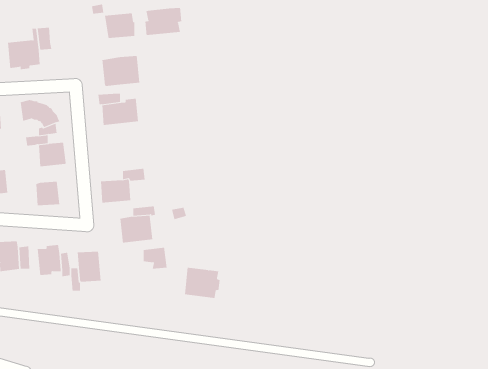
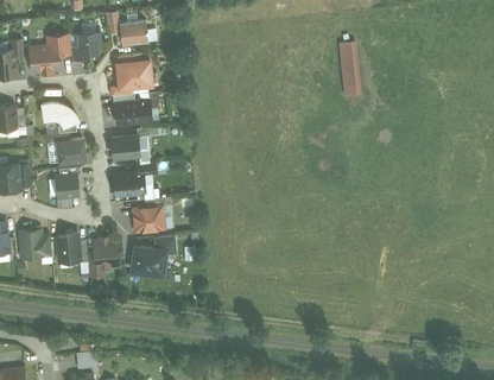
building: [145,7,182,36] -> none
building: none -> [76,32,101,66]
building: none -> [336,42,357,96]
building: none -> [112,137,139,160]
building: [184,267,220,298] -> [132,247,165,276]

